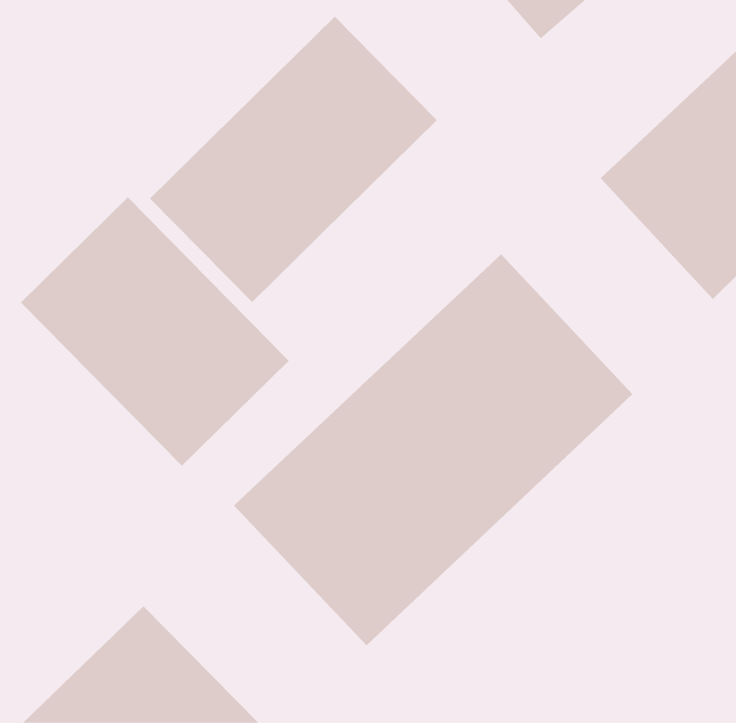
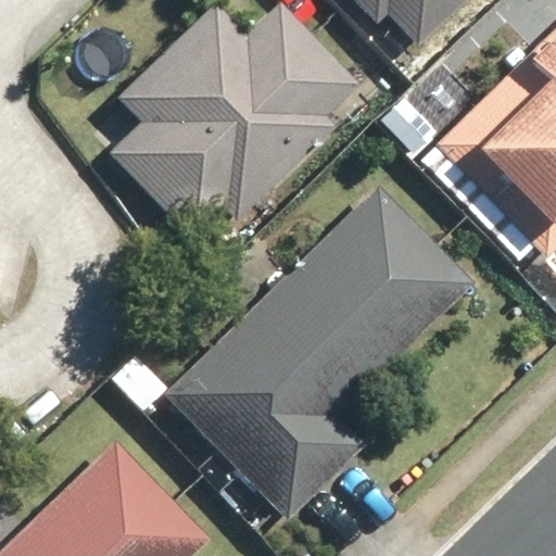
building: [20,197,289,467] -> none

